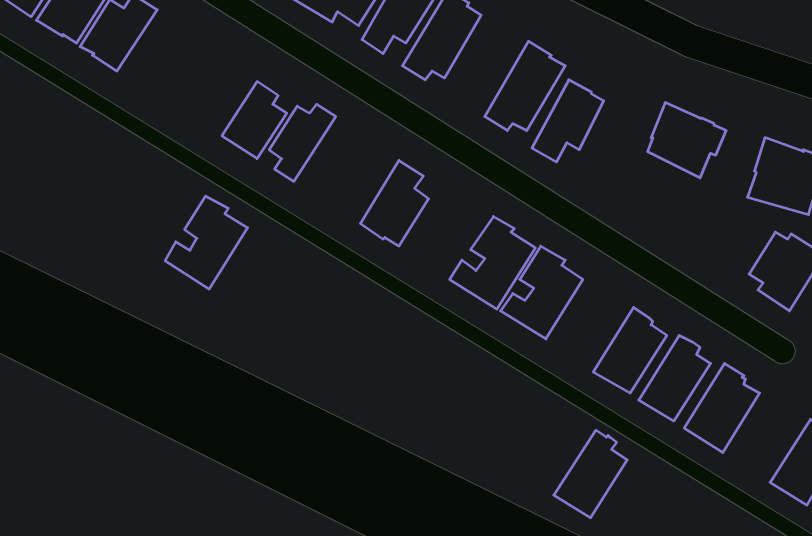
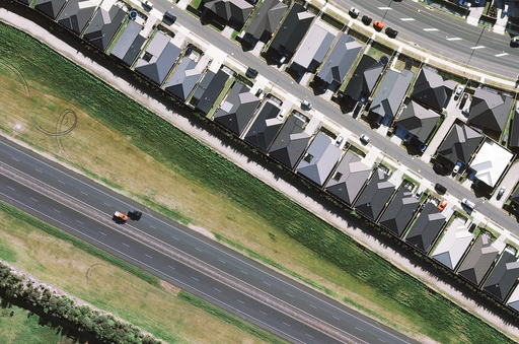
building: none -> [109,18,146,64]
building: none -> [293,23,336,68]
building: none -> [370,69,416,118]
building: none -> [213,80,261,134]
building: none -> [397,100,442,144]
building: none -> [269,115,313,168]
building: [165,196,248,289] -> [134,30,181,84]
building: none -> [437,124,484,164]
building: none -> [457,235,499,285]
building: [554,430,627,518] -> [354,169,396,220]

